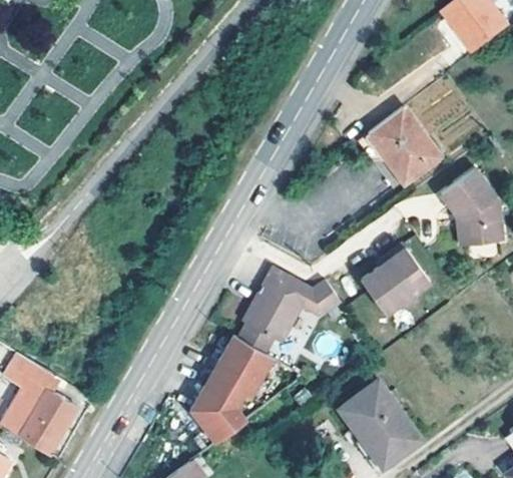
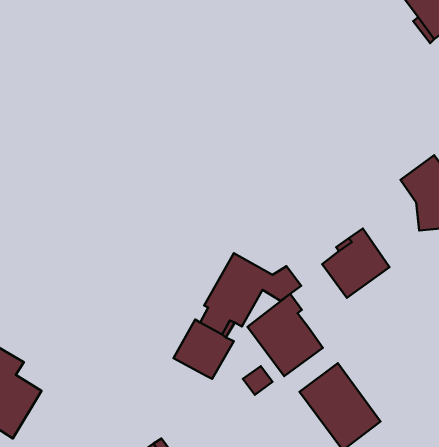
building: [358,107,439,182] -> none
building: none -> [247,294,323,376]
building: [191,375,246,443] -> none

